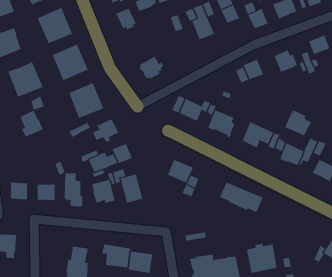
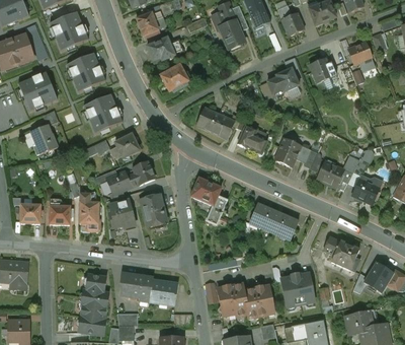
building: none -> [147,37,183,61]
building: [285,109,312,136] -> none
building: none -> [323,236,358,269]

